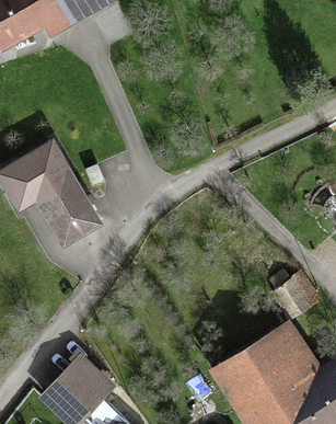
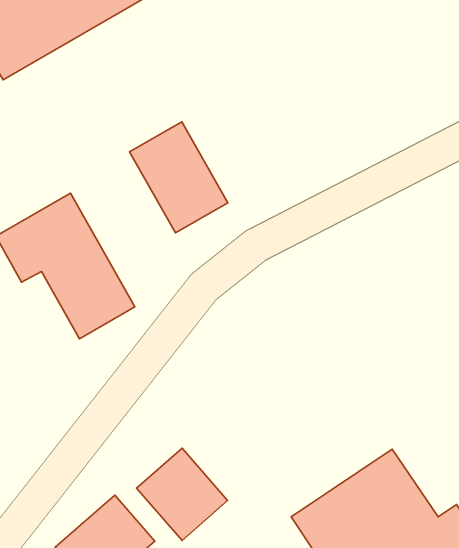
building: none -> [130,122,228,233]
building: none -> [137,448,228,541]

